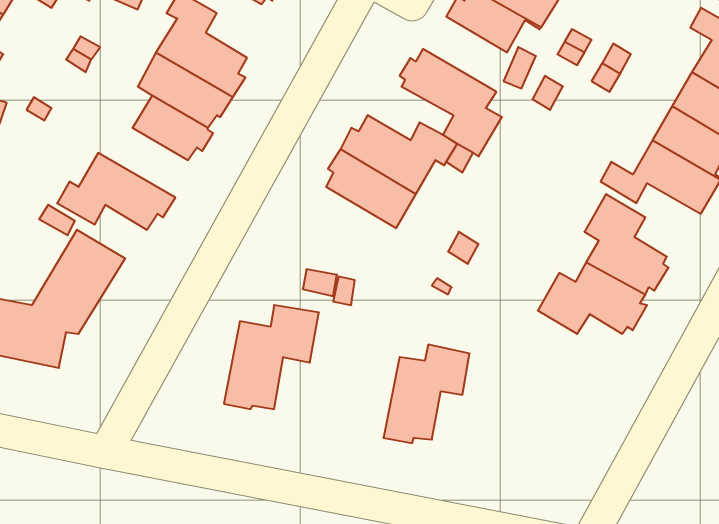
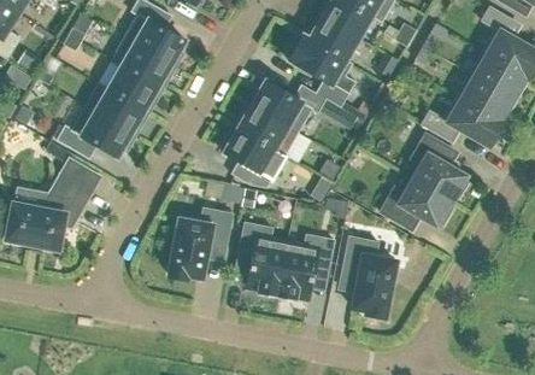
building: none -> [304,13,360,60]
building: none -> [86,82,146,135]
building: none -> [223,128,286,184]
building: none -> [240,222,288,297]
building: none -> [343,235,398,316]

